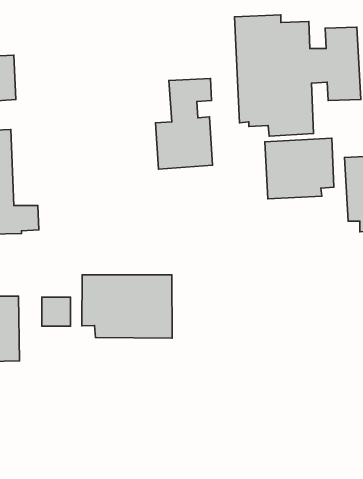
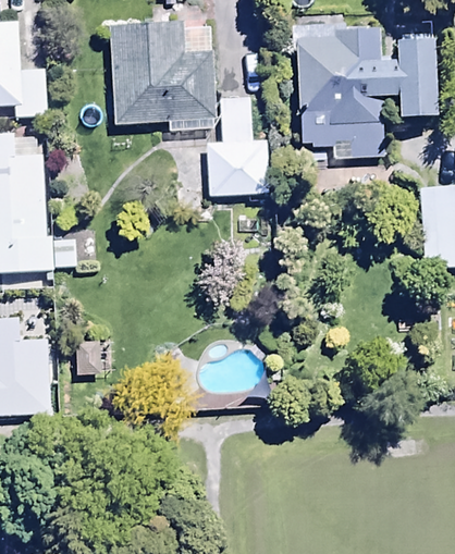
building: none -> [109,19,218,131]
building: [265,138,334,199] -> none
building: [82,275,172,338] -> none

